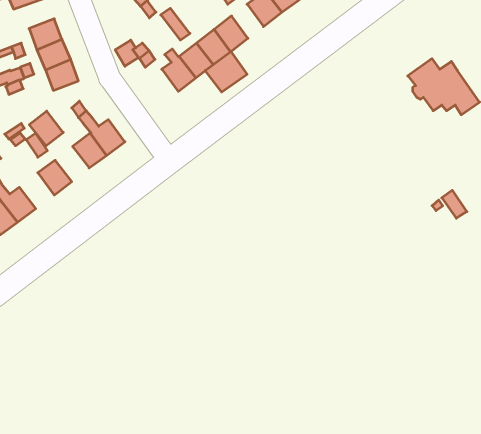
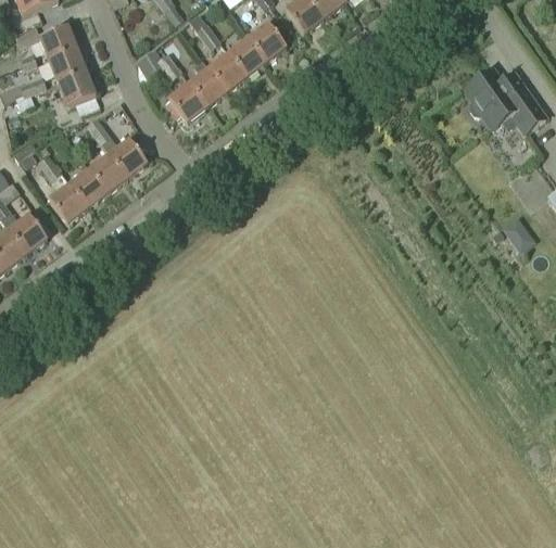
building: [205,51,247,92] -> none
building: none -> [167,81,206,122]
building: [29,111,63,146] -> [68,168,106,207]

